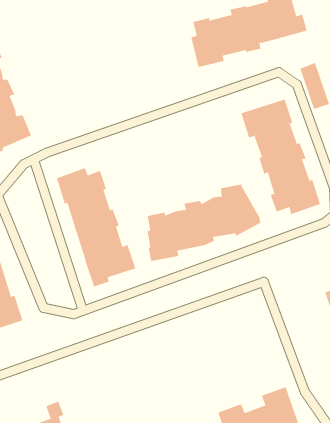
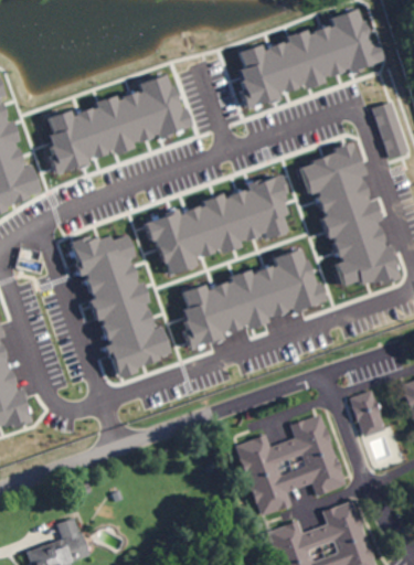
building: none -> [47,73,192,169]
building: none -> [145,177,288,273]
building: none -> [352,392,389,437]
building: none -> [237,415,349,516]

